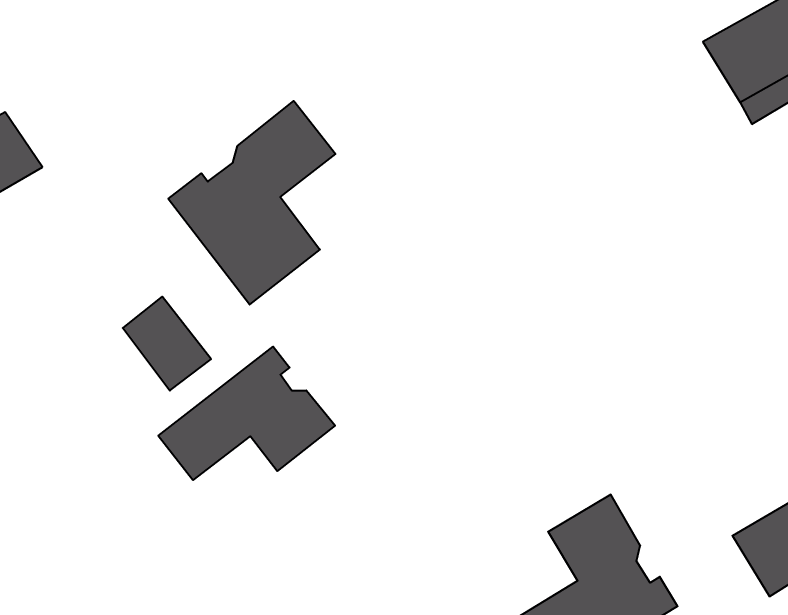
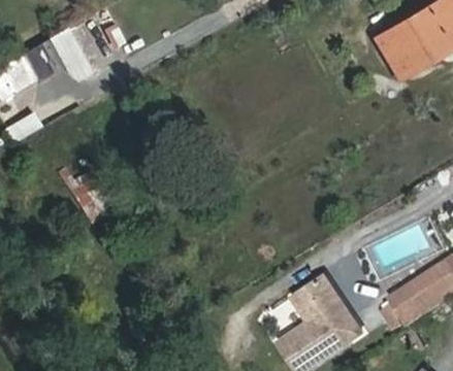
building: [168,101,335,305] -> none
building: [158,347,335,480] -> none

